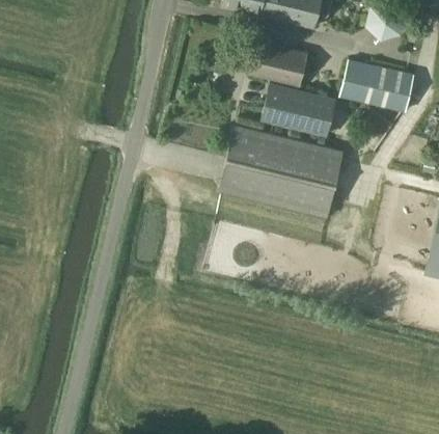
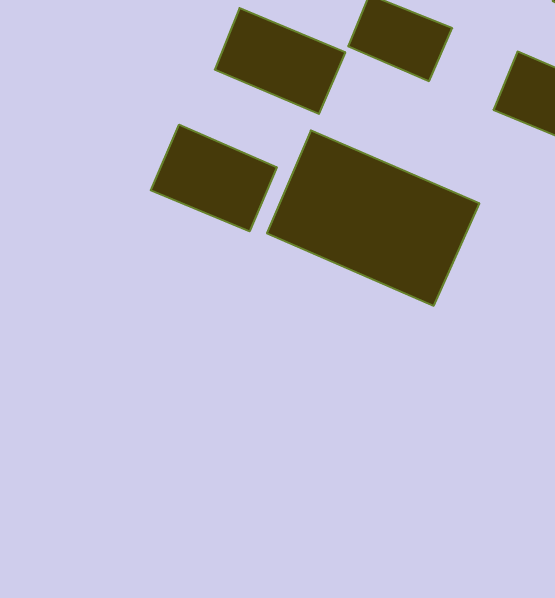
building: [262,84,336,138] -> [215,8,345,114]
building: none -> [151,125,277,231]

